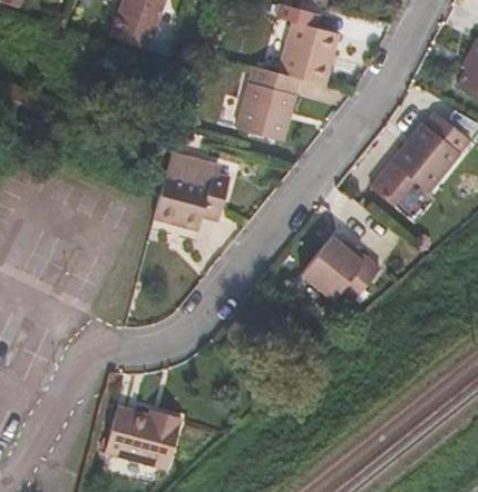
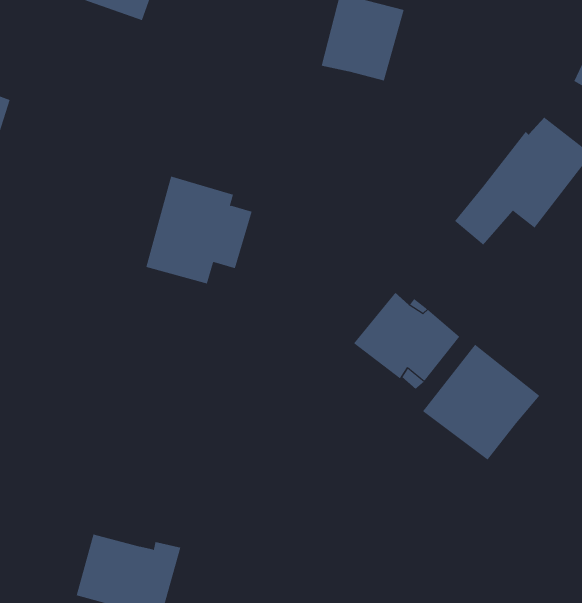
building: [237,67,299,140] -> none
building: none -> [422,344,540,460]

